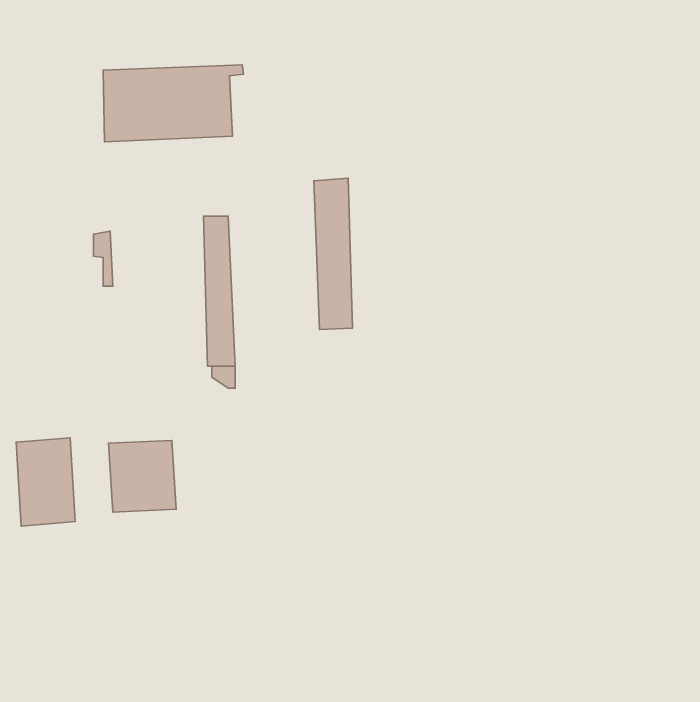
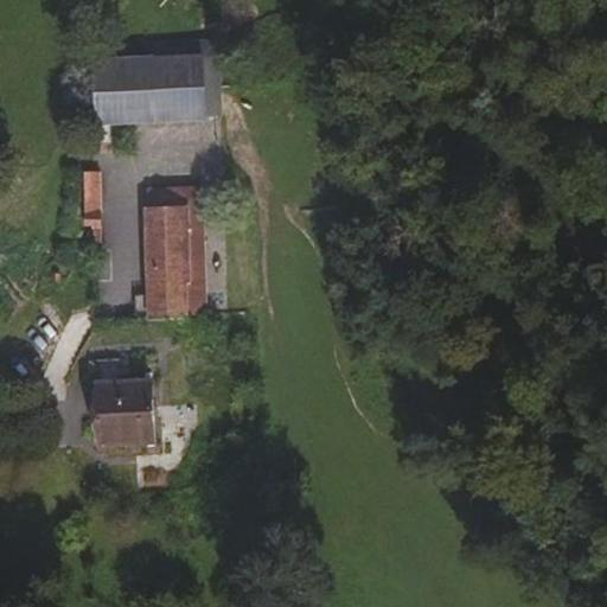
building: [314,178,352,329] -> [146,186,179,317]
building: [16,438,75,526] -> none

